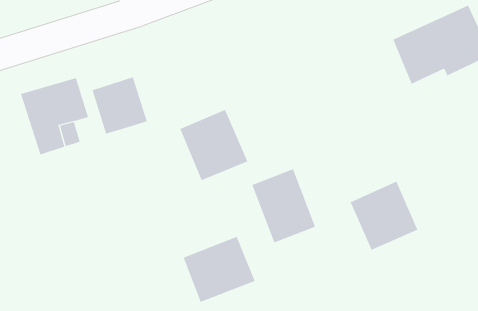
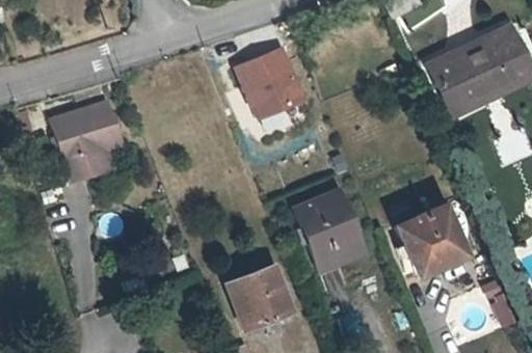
building: [92,77,148,135] -> none
building: [180,109,248,181] -> [235,48,304,120]

